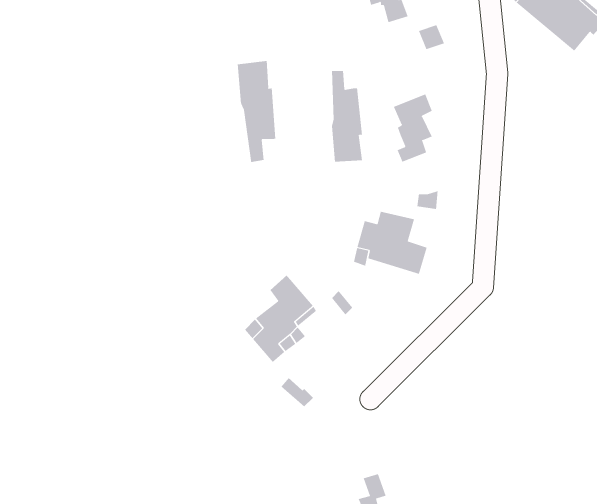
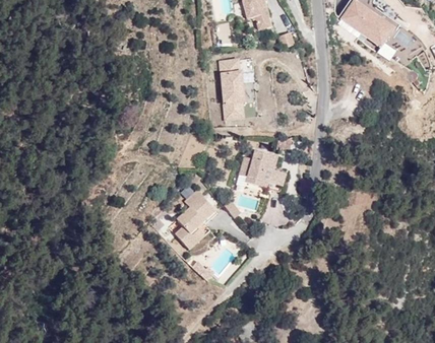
building: [237,60,276,163] -> none
building: [393,93,433,162] -> none

